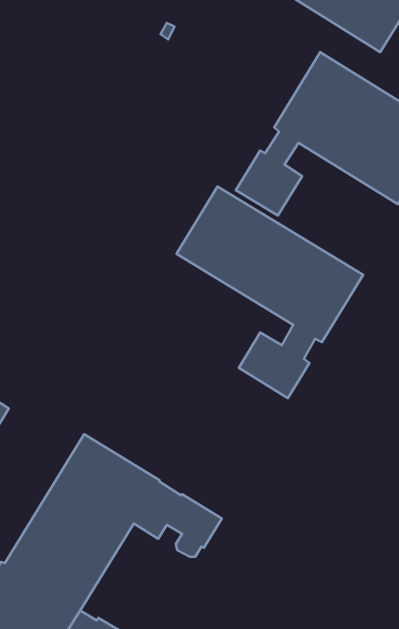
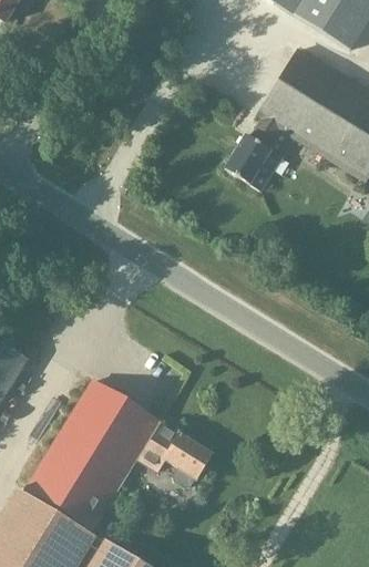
building: [176,187,363,398] -> none

